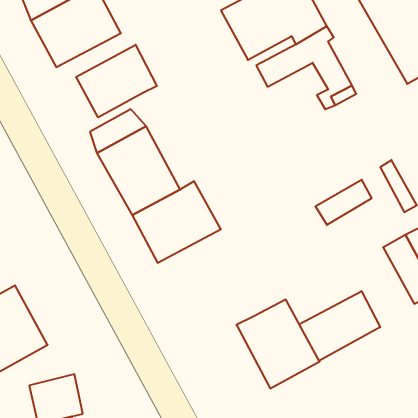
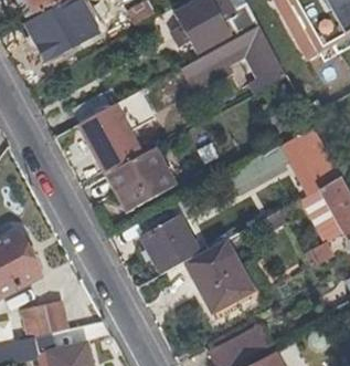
building: [76,45,157,117] -> none
building: none -> [142,215,200,272]
building: [299,291,380,361] -> none

